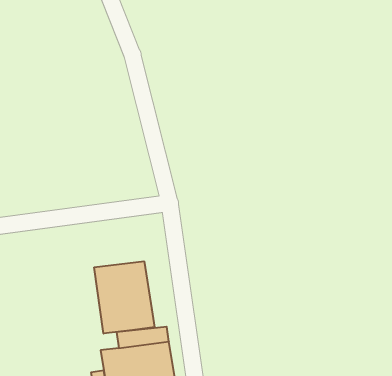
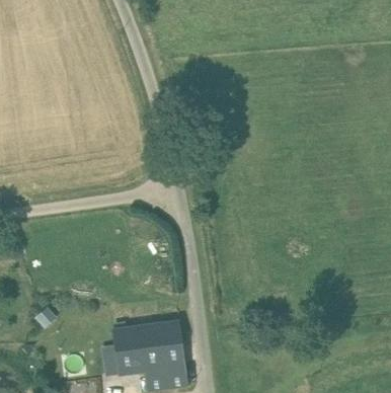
building: [94,261,155,334] -> none

